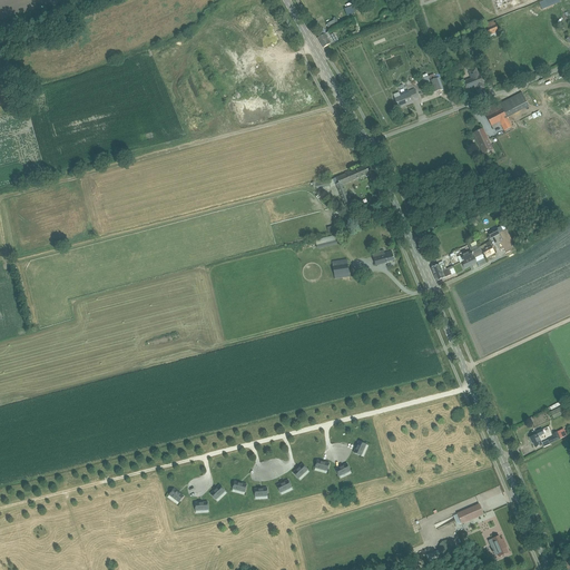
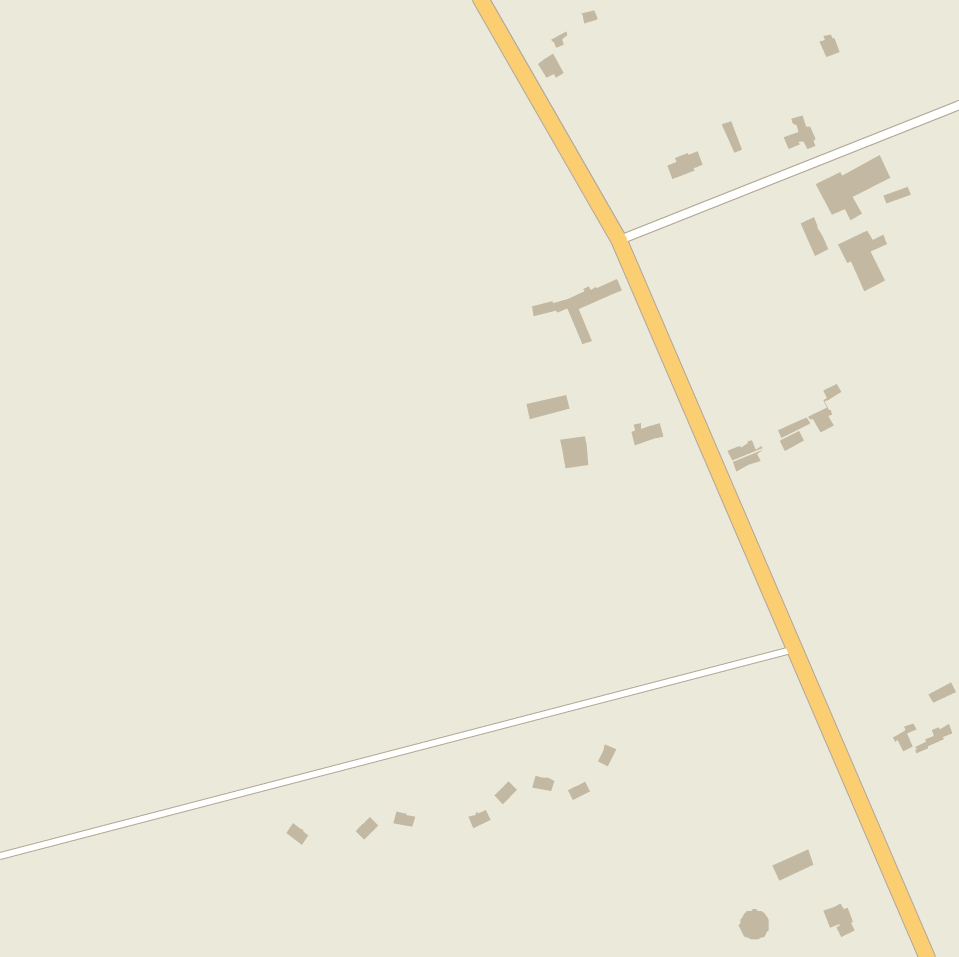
building: none -> [837,229,888,293]

